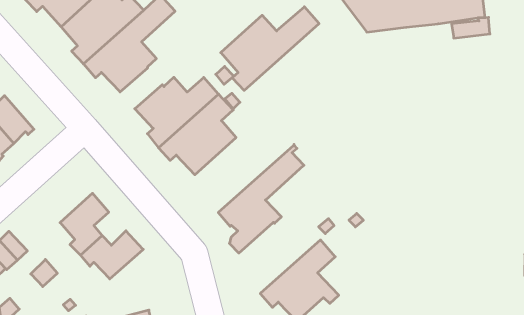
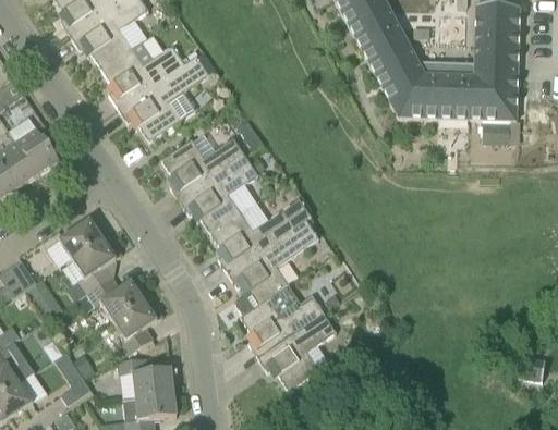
building: [221,7,319,90] -> [210,199,311,272]
building: none -> [58,216,108,259]
building: none -> [240,290,324,357]
building: none -> [112,297,162,355]

